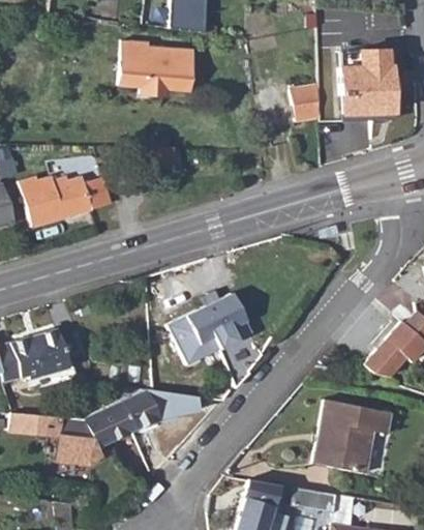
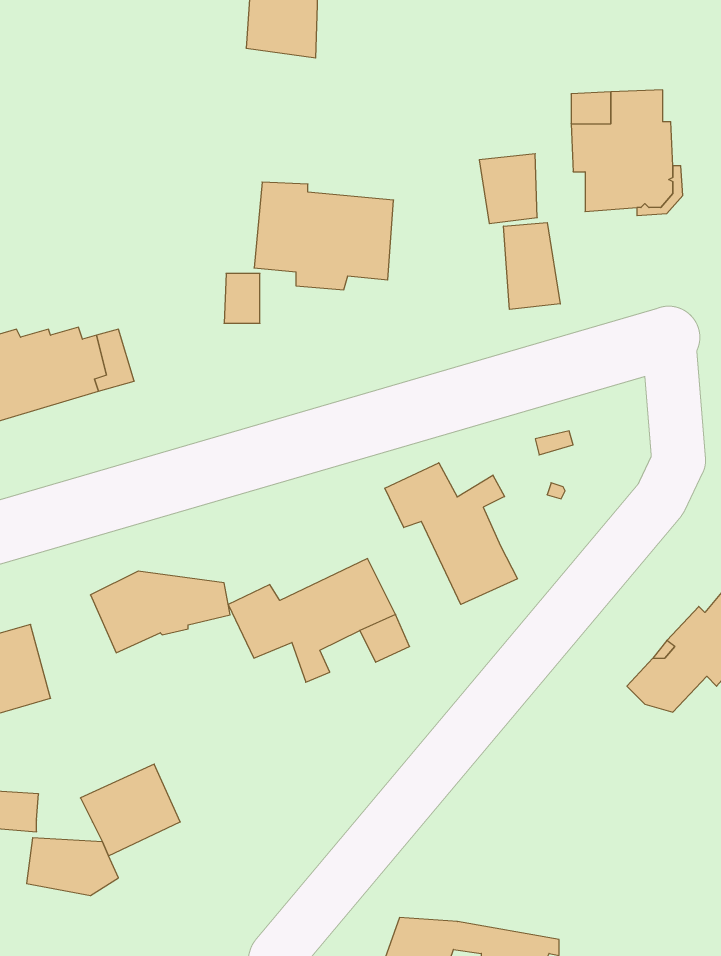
building: [120,42,192,98] -> [254,182,394,290]
building: none -> [504,223,560,309]
building: none -> [385,463,517,604]
building: [123,389,195,432] -> [90,571,230,653]
building: [315,399,391,474] -> none

